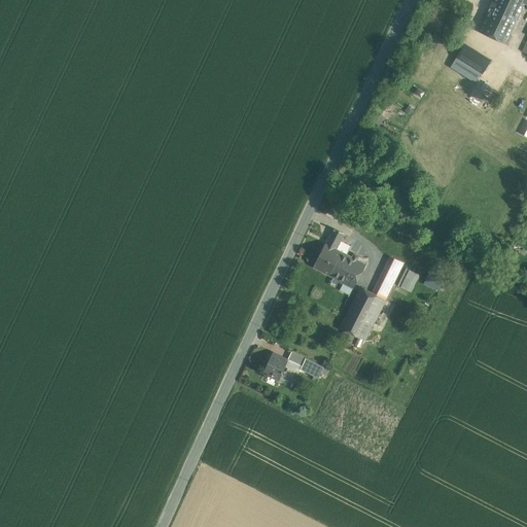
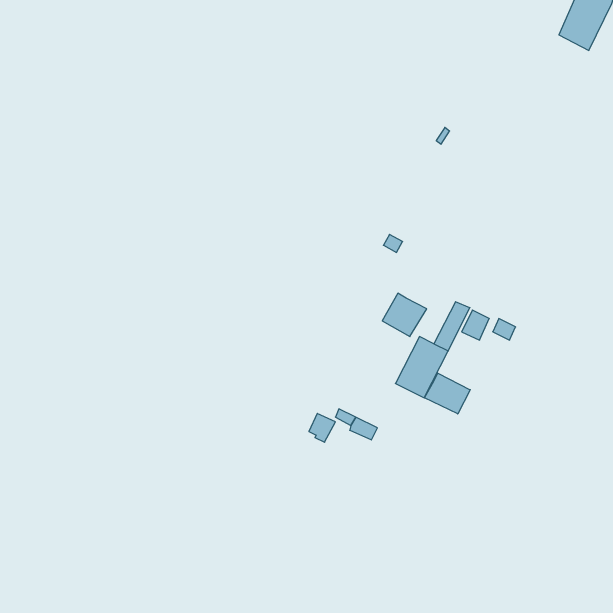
building: [455,43,489,73] -> none
building: [311,227,349,275] -> none
building: none -> [424,373,470,414]

